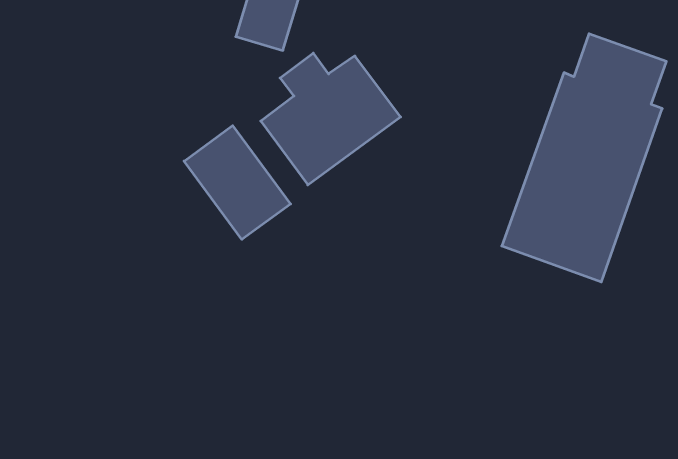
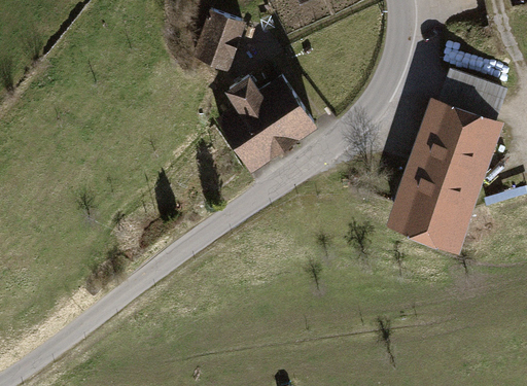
building: [184,126,291,239] -> none

